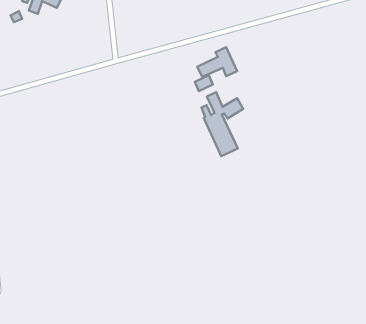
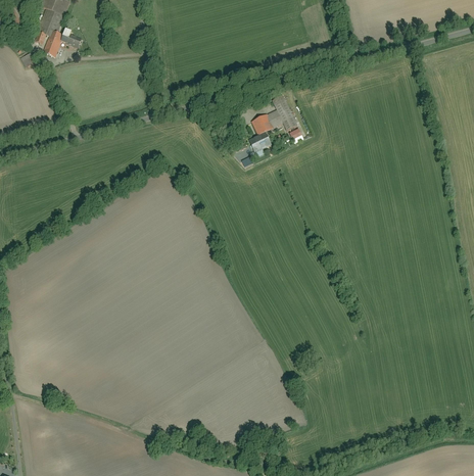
building: [201,92,243,156] -> none

